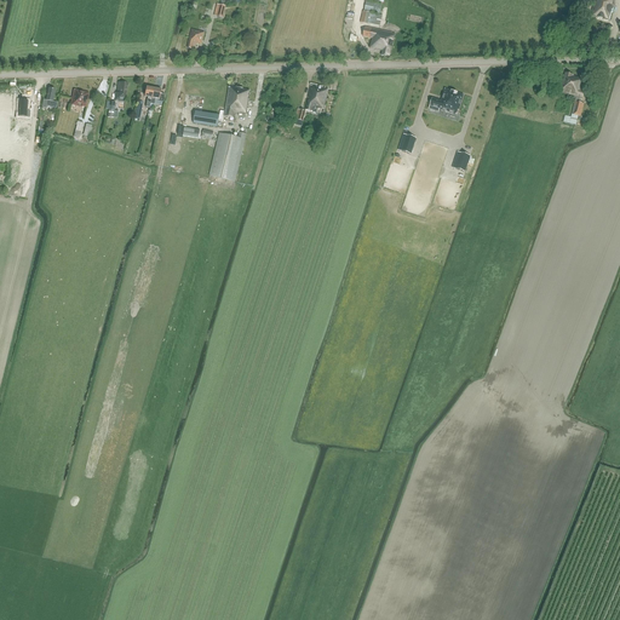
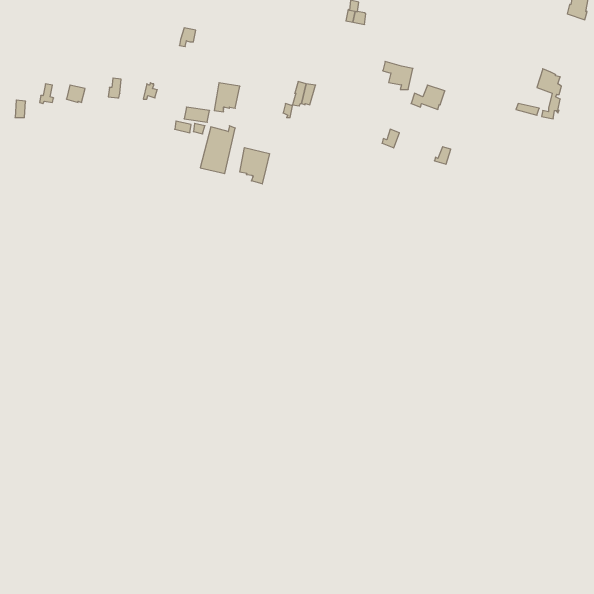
building: [362,25,394,54] -> [383,61,413,89]
building: none -> [240,148,269,184]

